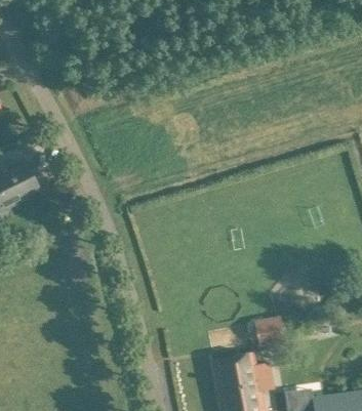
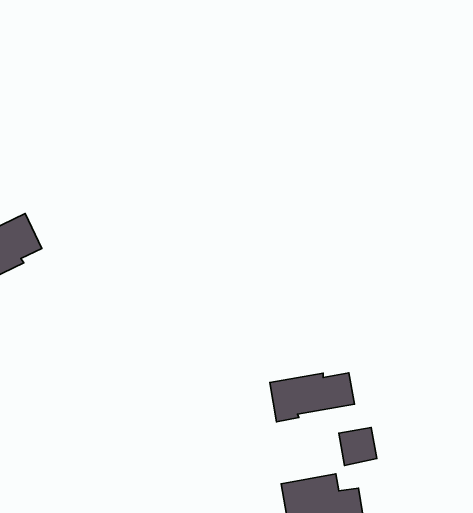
building: none -> [270,373,354,422]

